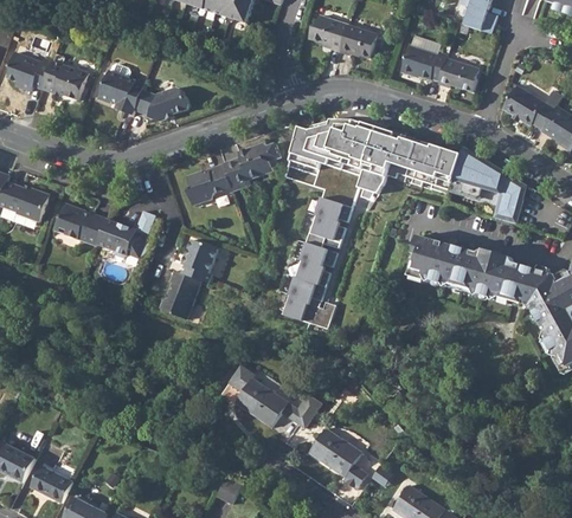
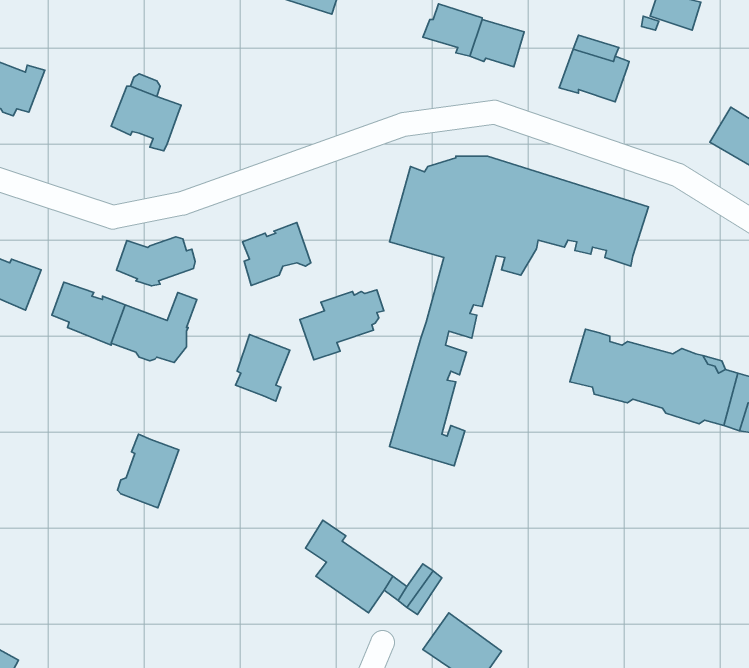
building: [438,58,478,92] -> none
building: [41,60,89,99] -> none
building: [135,88,188,121] -> [116,237,195,286]
building: [223,143,279,190] -> [300,290,384,360]
building: [450,147,523,224] -> none
building: [159,270,200,319] -> [117,434,179,508]

